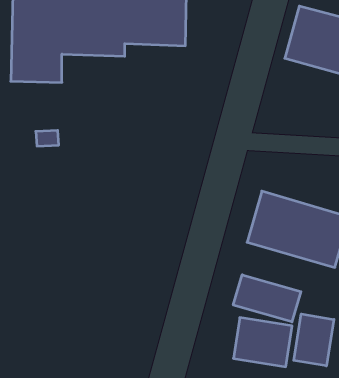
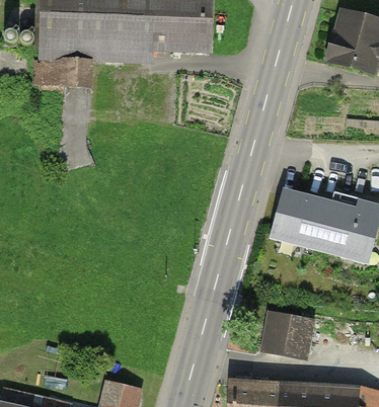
building: [233,275,301,322] -> none
building: [294,314,334,366] -> none

